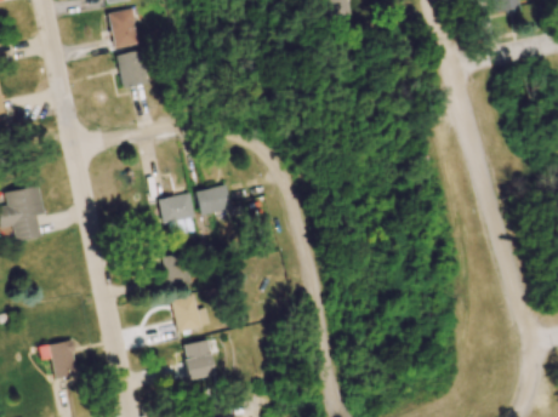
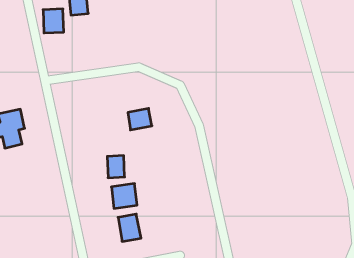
building: [119,51,149,86] -> [43,9,64,33]
building: [158,193,195,224] -> none
building: [39,341,76,379] -> none

